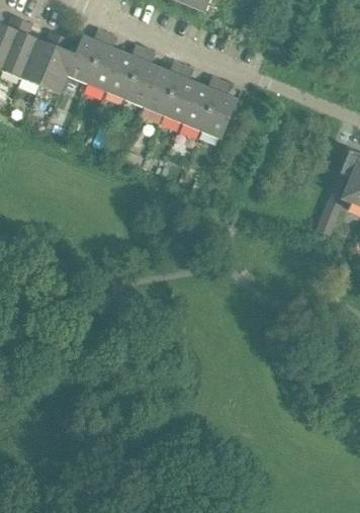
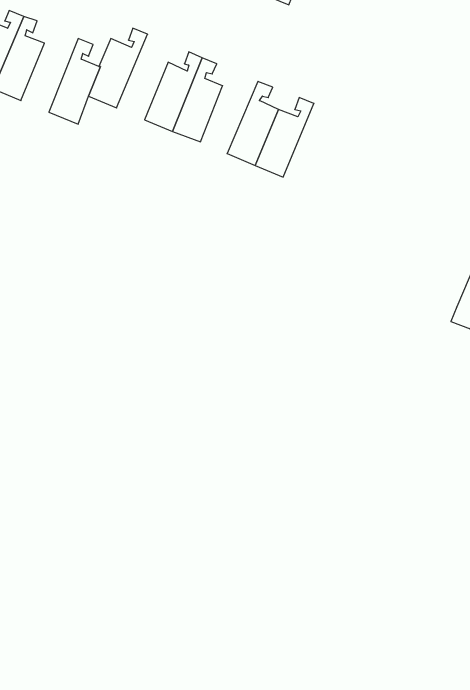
building: [20,30,60,85] -> none
building: [86,31,121,90] -> none
building: [144,60,183,113] -> none
building: [200,79,237,138] -> none

